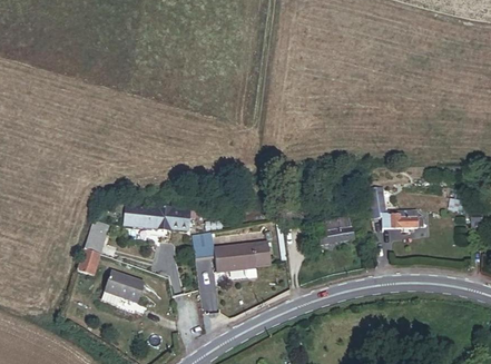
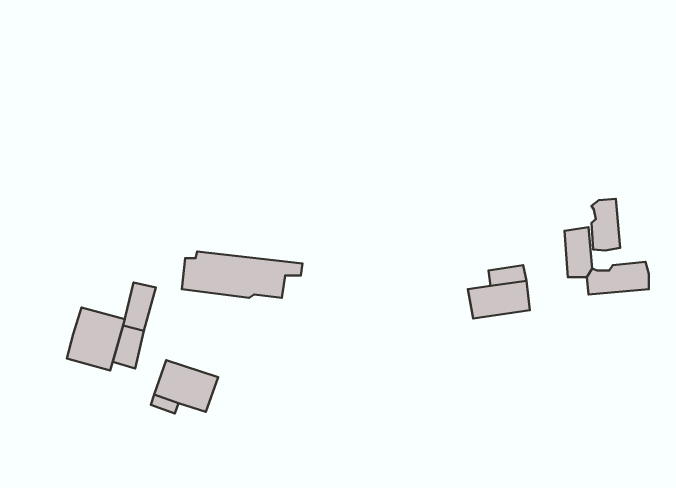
building: none -> [591,199,620,250]
building: [193,235,272,274] -> none
building: none -> [67,307,125,370]

